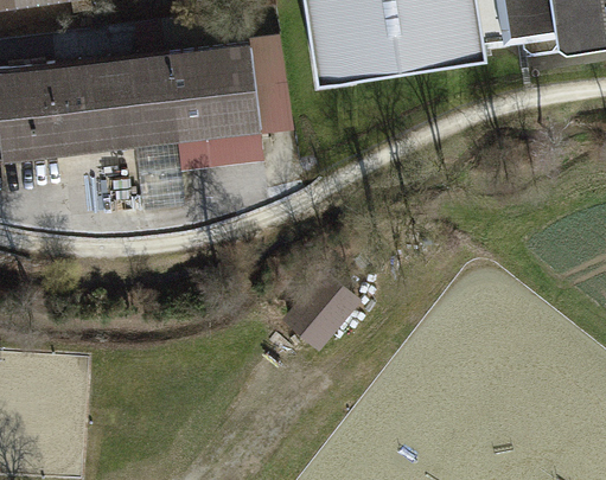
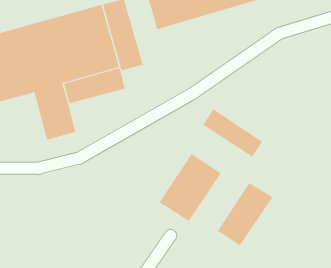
building: none -> [203,108,263,158]
building: none -> [217,182,273,246]

